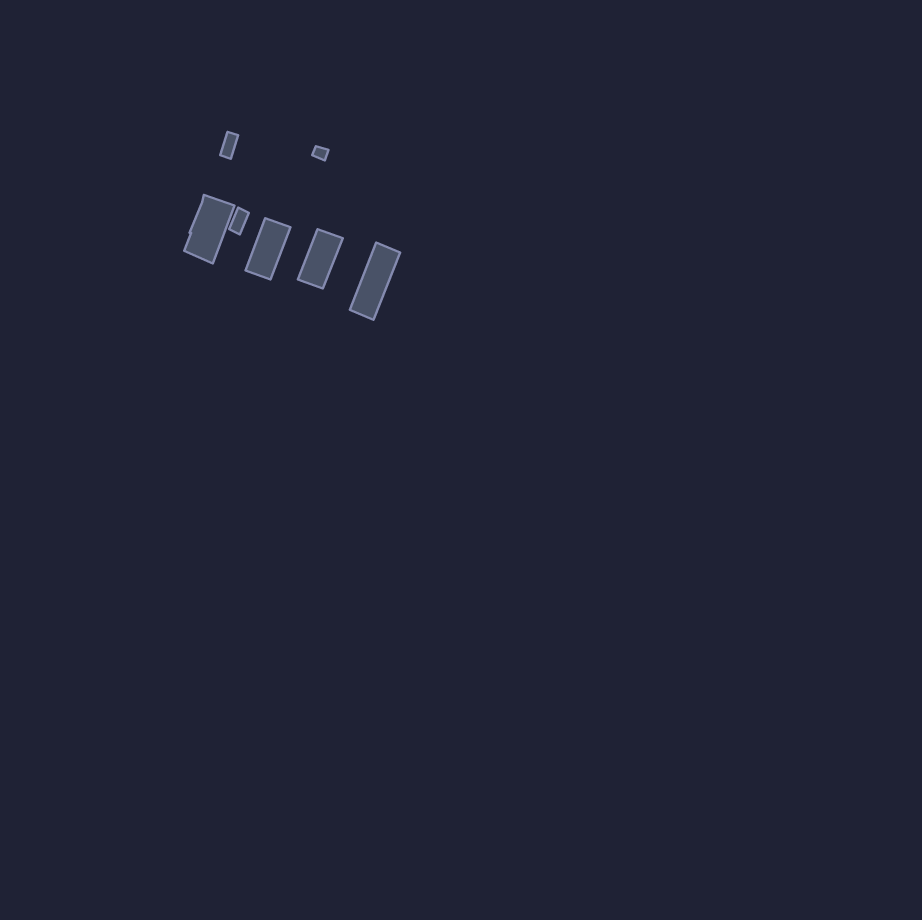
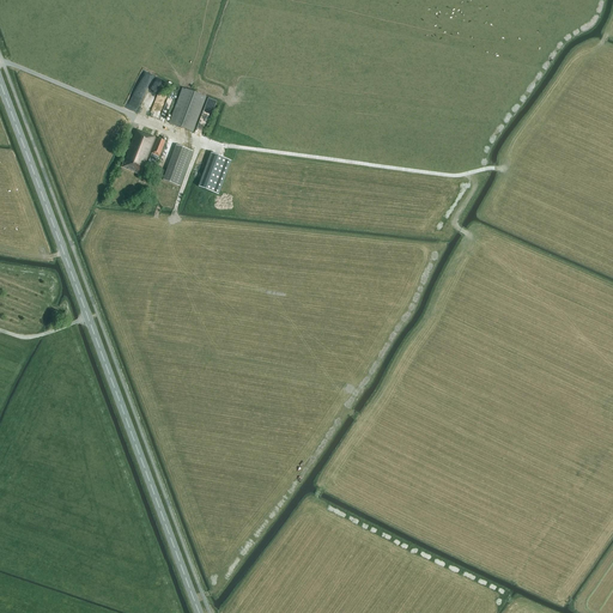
building: none -> [169,87,206,132]
building: [350,242,400,320] -> none

